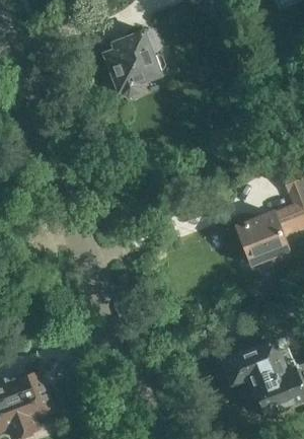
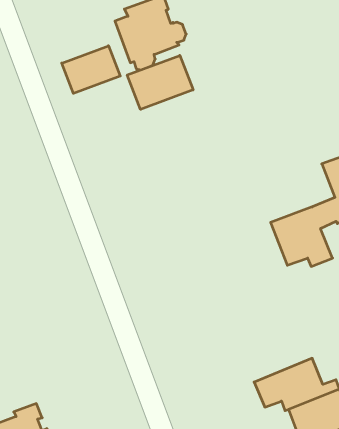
building: none -> [62,46,120,93]
building: none -> [127,55,193,109]

